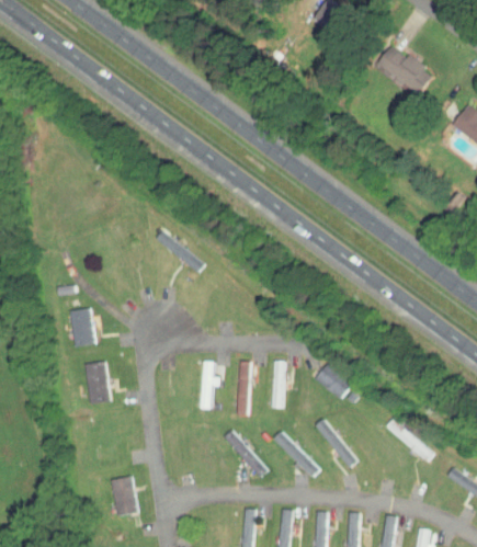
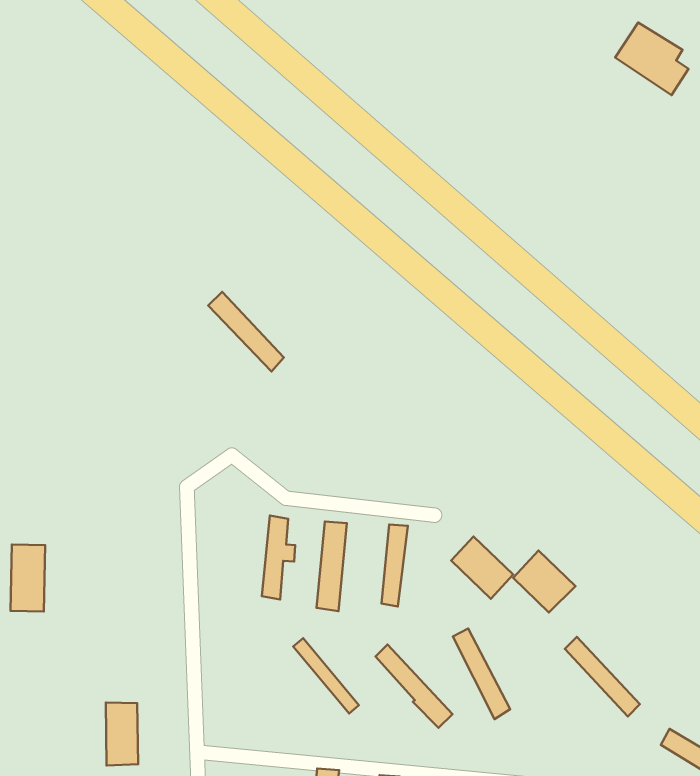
building: [72,308,95,345] -> none
building: [88,362,110,402] -> [10,544,45,612]
building: none -> [513,551,575,613]

